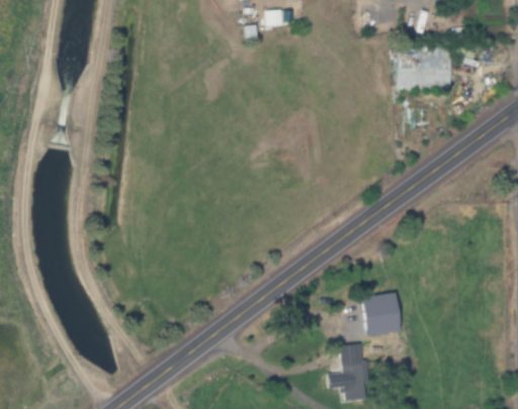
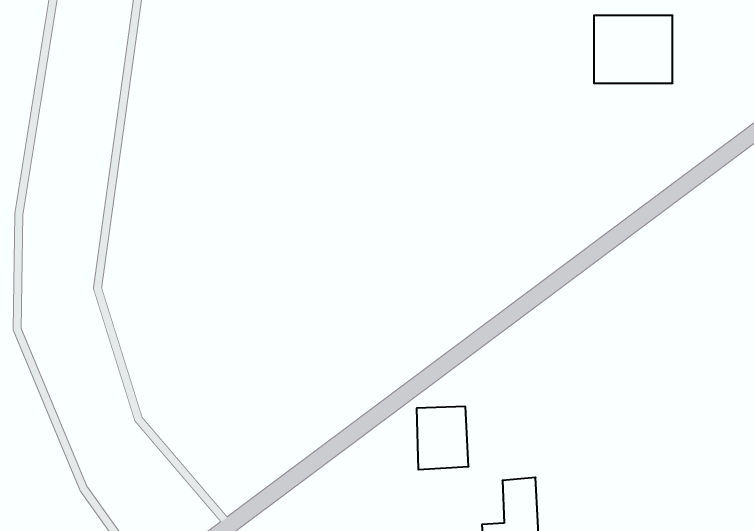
building: [364,293,398,333] -> [417,407,469,470]

